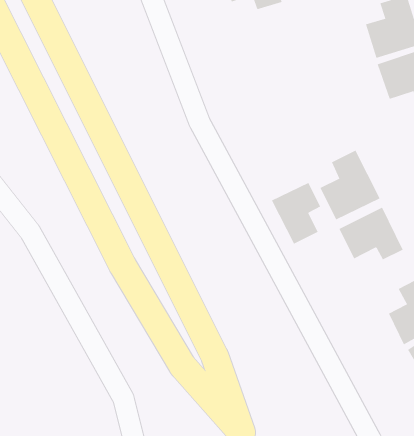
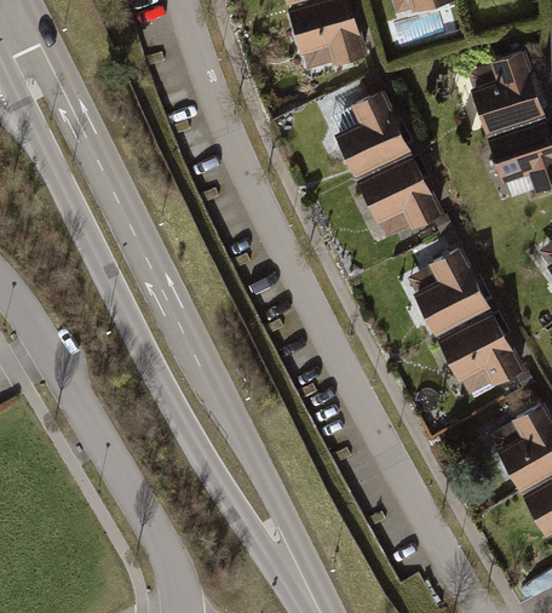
building: none -> [339,94,409,174]
building: none -> [360,159,439,225]
building: [271,182,321,245] -> none

